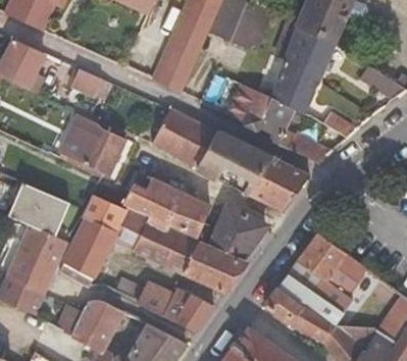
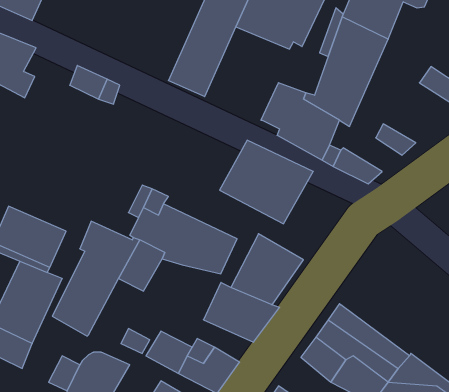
building: [153,105,218,168] -> none
building: [66,117,125,174] -> none
building: [248,153,307,213] -> none
building: [134,224,197,274] -> none
building: [295,234,366,300] -> none

